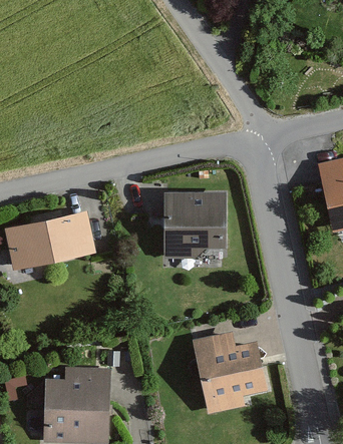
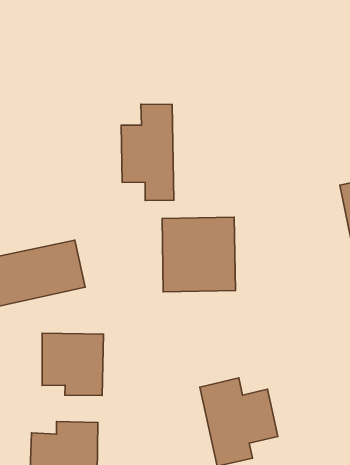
building: none -> [121,104,174,200]
building: none -> [42,333,103,396]

